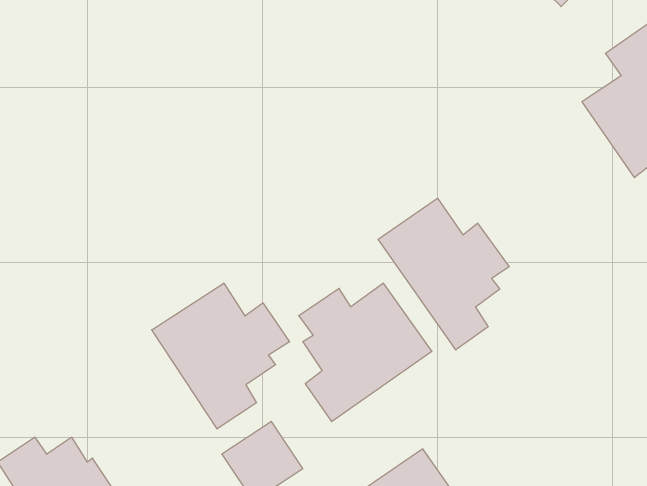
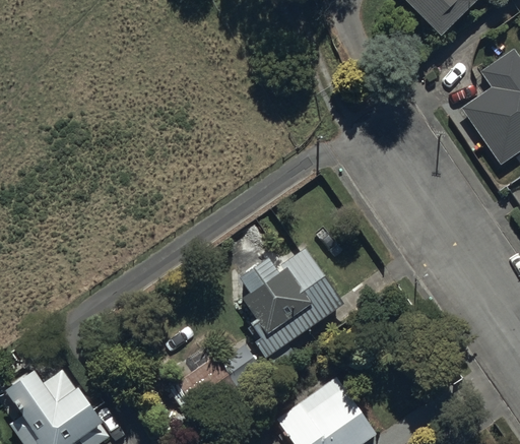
building: [378,198,509,350] -> none
building: [152,283,290,429] -> none

